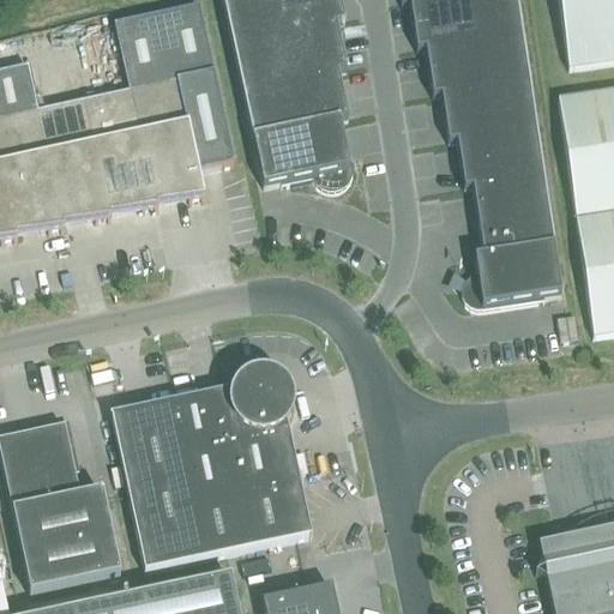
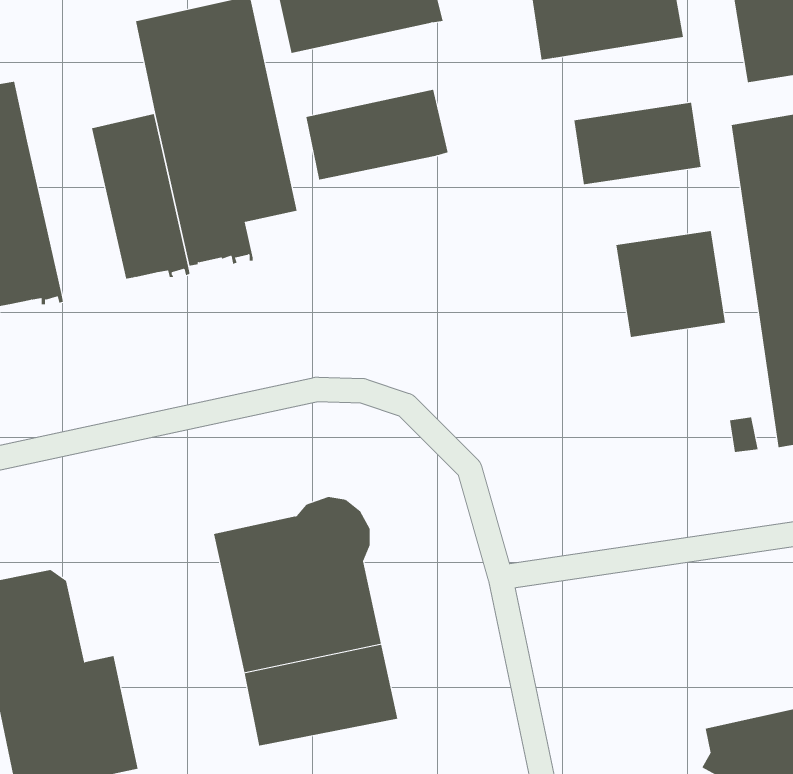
building: [233,18,347,88] -> none
building: [426,29,529,91] -> none
building: [38,96,112,218] -> none
building: [253,116,353,186] -> none
building: [457,125,543,183] -> none
building: [462,240,561,305] -> none
building: [112,396,209,567] -> none

